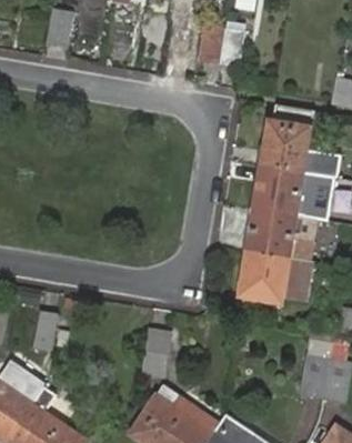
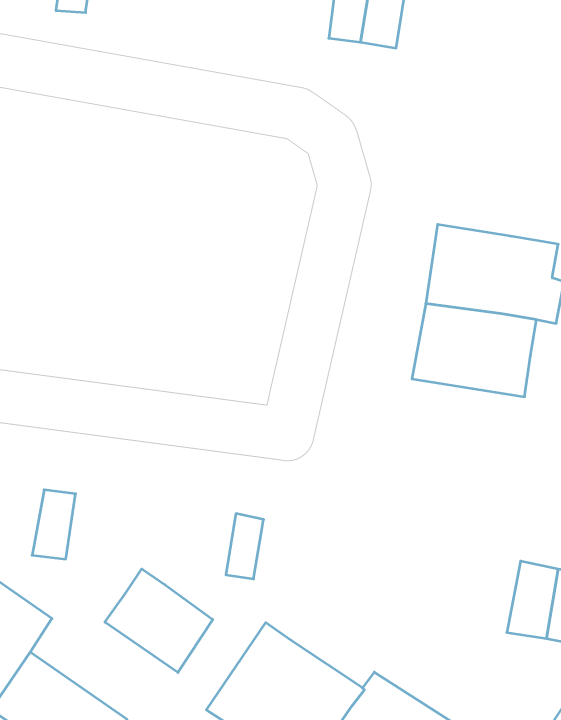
building: [261,102,312,170] -> none
building: [239,250,310,302] -> none
building: none -> [105,569,213,673]

